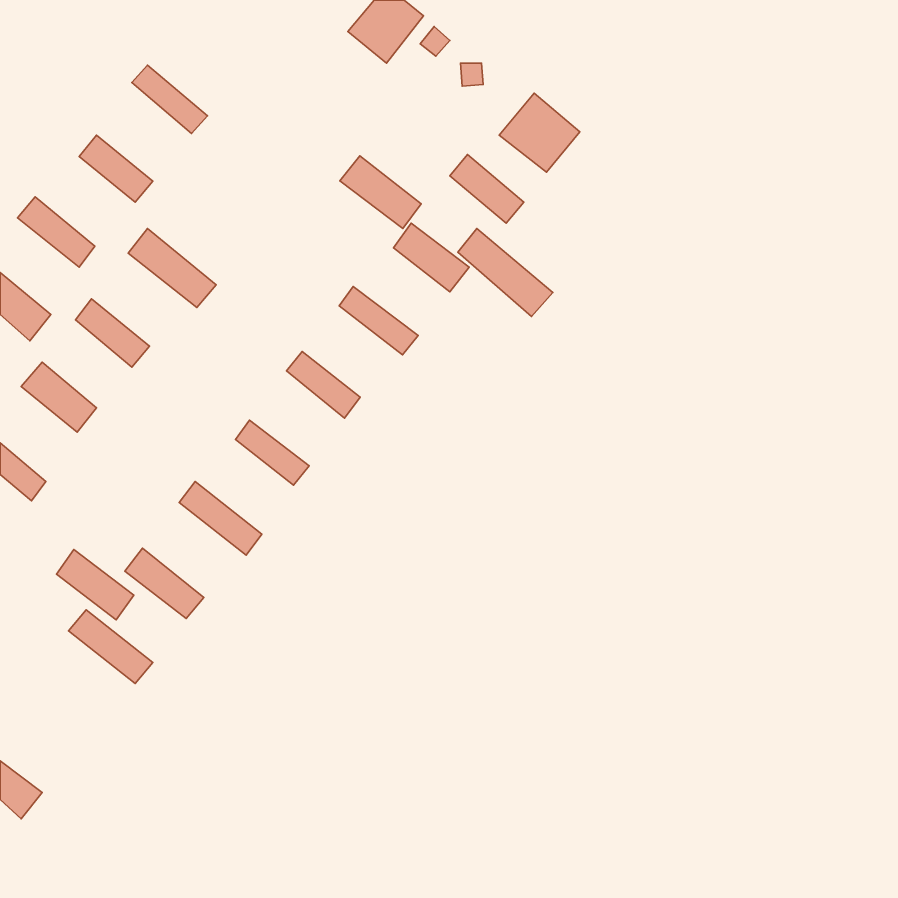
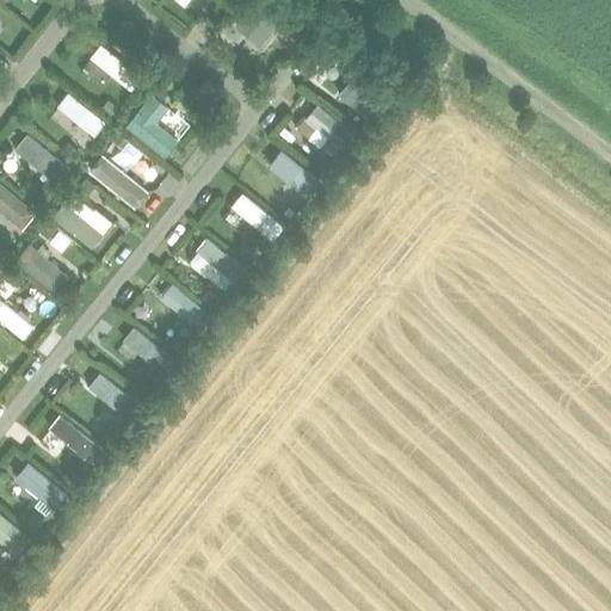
building: none -> [125,98,178,161]
building: [340,156,421,229] -> none
building: [458,229,553,316] -> none
building: [56,550,134,620] -> [13,463,66,511]

